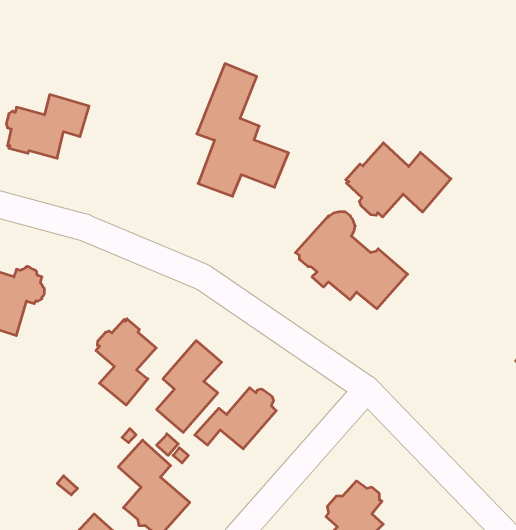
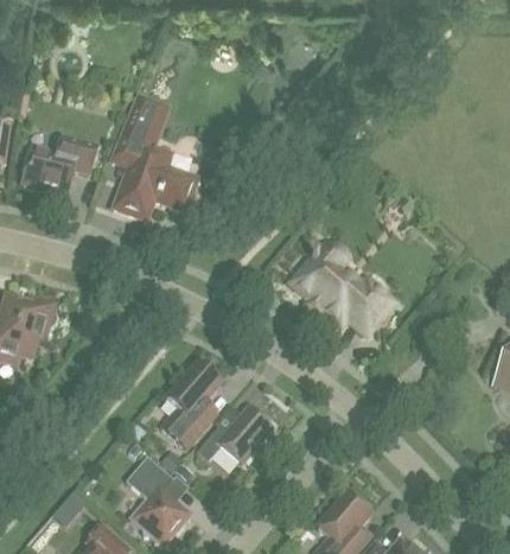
building: [197,64,289,196] -> [111,95,197,218]
building: [346,143,451,217] -> none
building: [96,319,156,405] -> none

